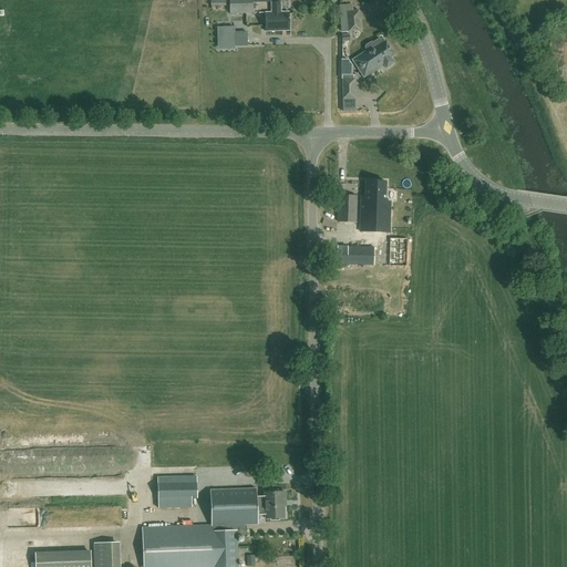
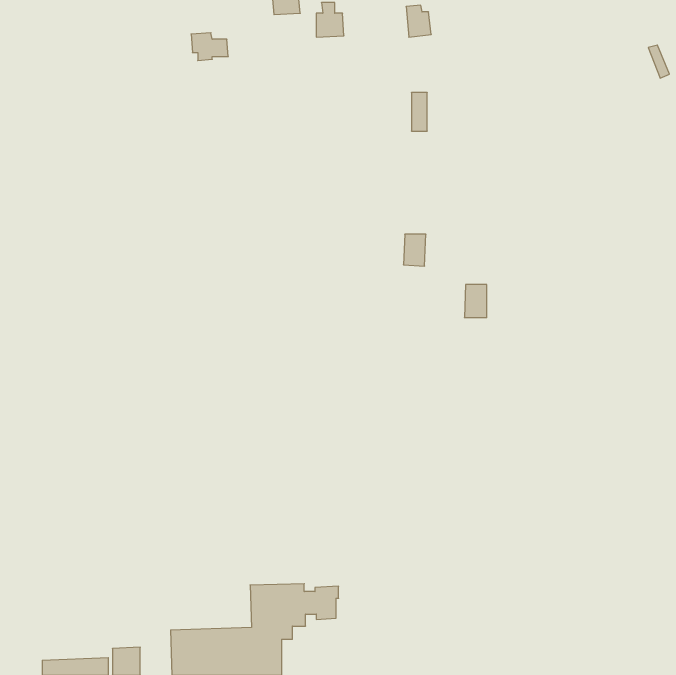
building: [217,25,248,49] -> [191,33,228,61]
building: [351,38,394,78] -> none
building: [360,181,389,233] -> none
building: [332,246,374,265] -> none
building: [156,476,197,498] -> none

